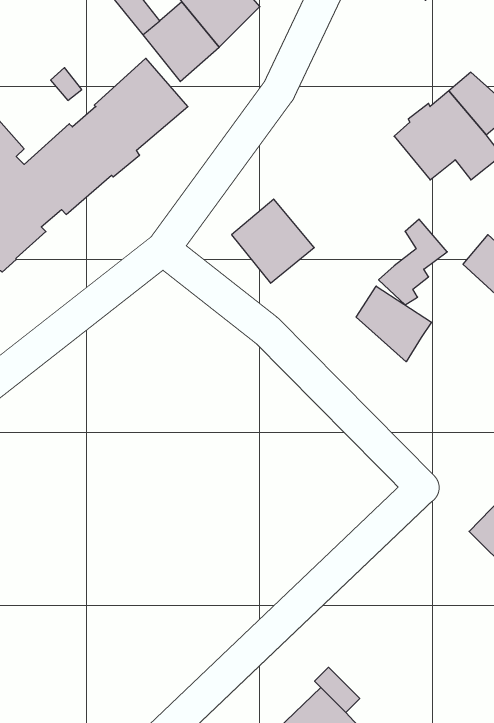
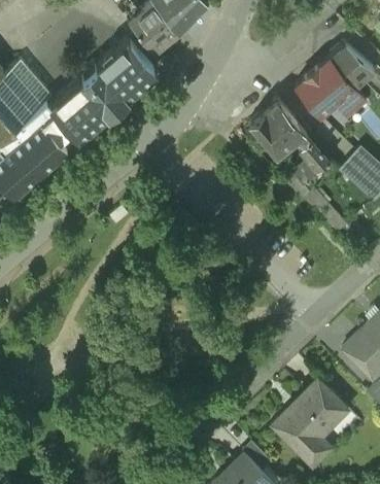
building: [232,199,314,283] -> [249,104,304,160]
building: [356,286,431,362] -> none
building: none -> [274,383,349,466]

